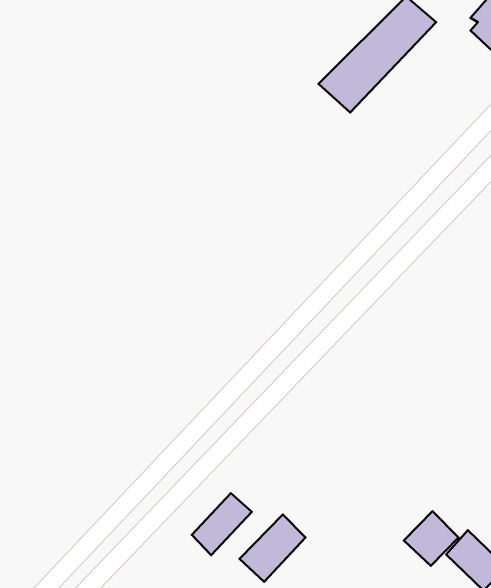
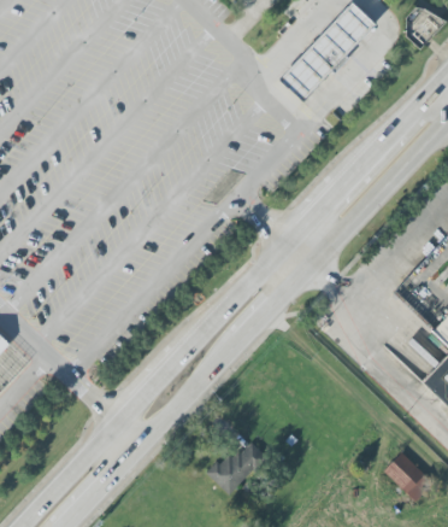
building: [192,493,252,555] -> none
building: [404,511,458,566] -> none

